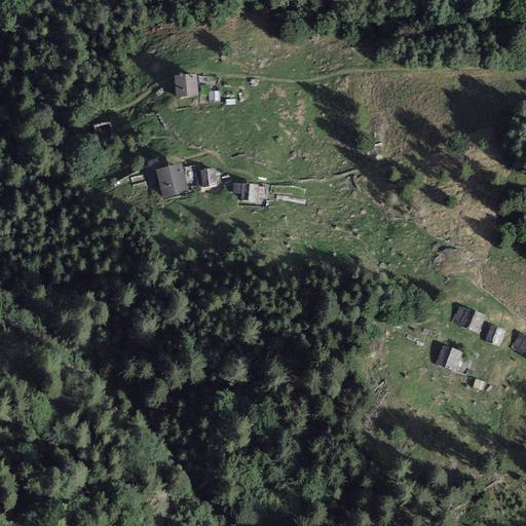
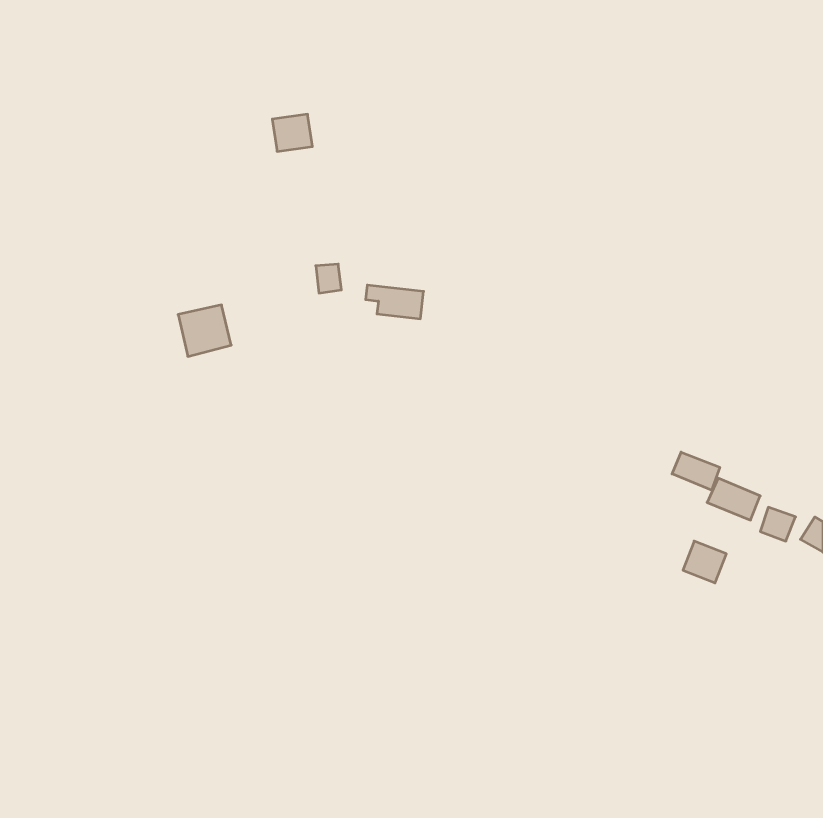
building: [155,163,189,196] -> [178,305,231,356]
building: none -> [672,452,720,490]

